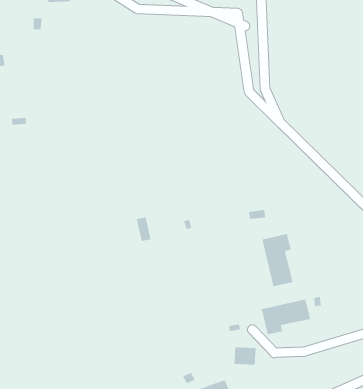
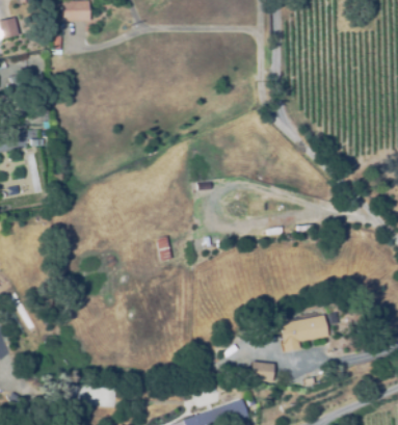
building: [262,233,294,287] -> none

